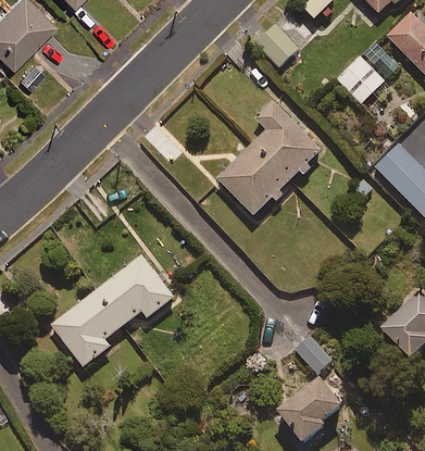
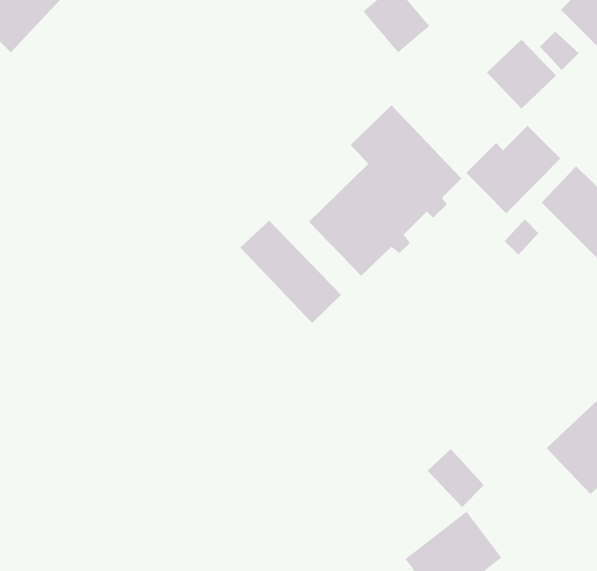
building: none -> [465,125,561,214]
building: none -> [239,220,342,324]
building: [53,254,177,366] -> none

